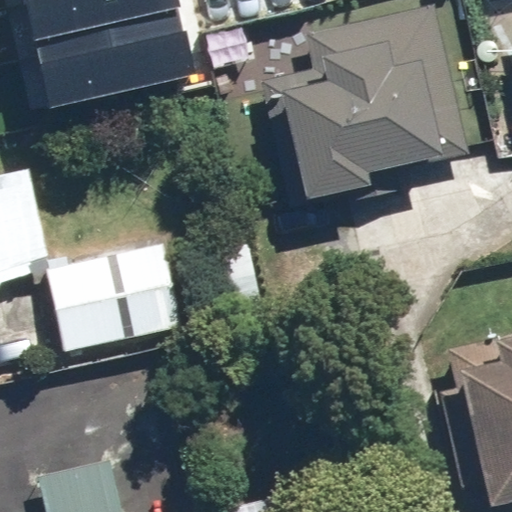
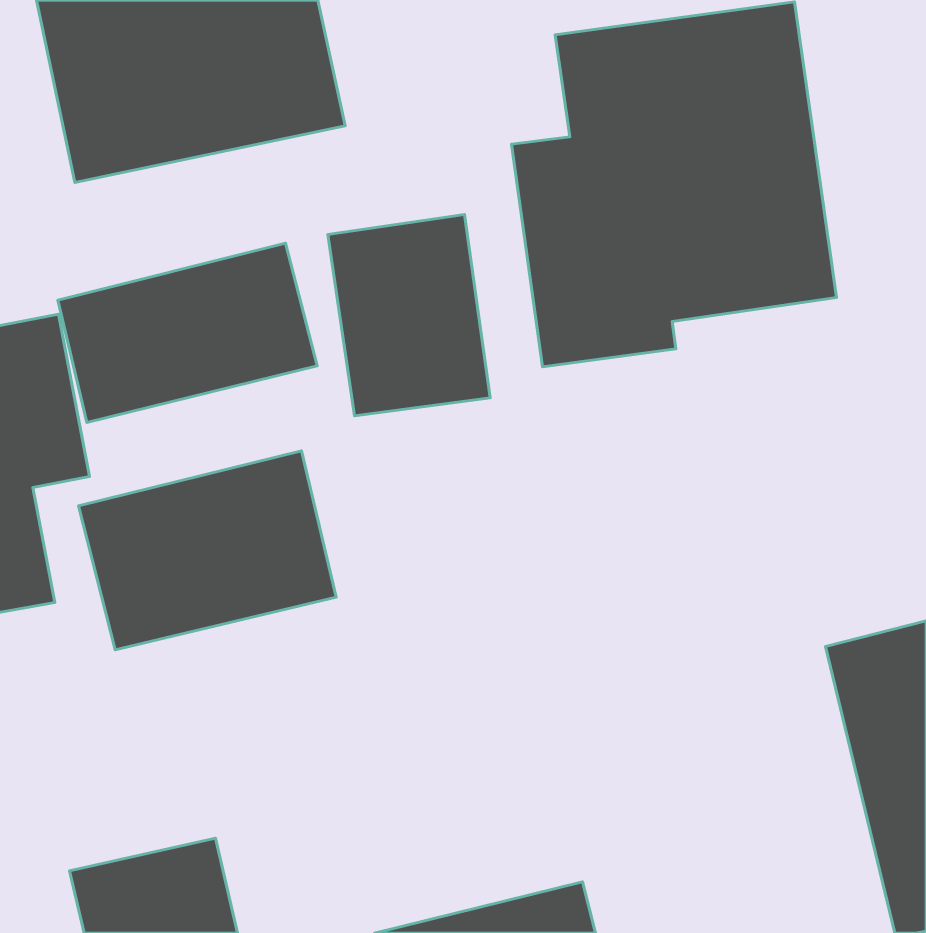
building: none -> [328,215,490,416]
building: none -> [58,243,317,423]

